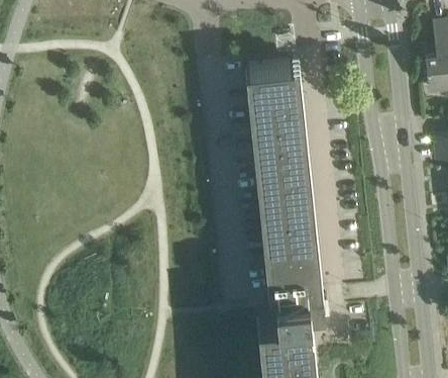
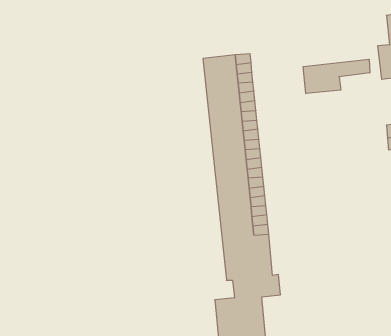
building: none -> [303,59,370,94]

